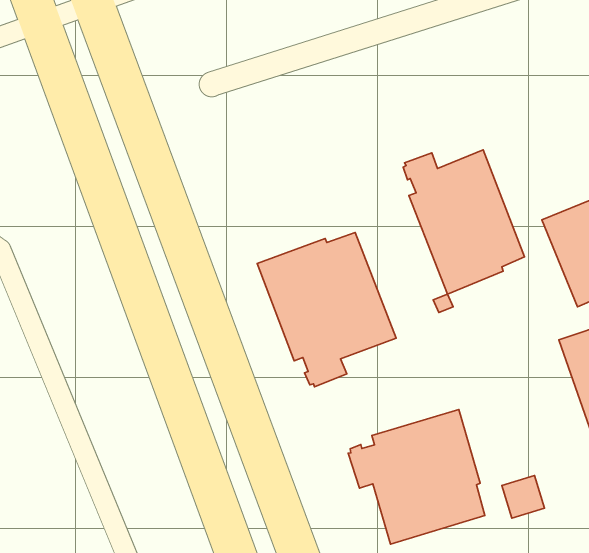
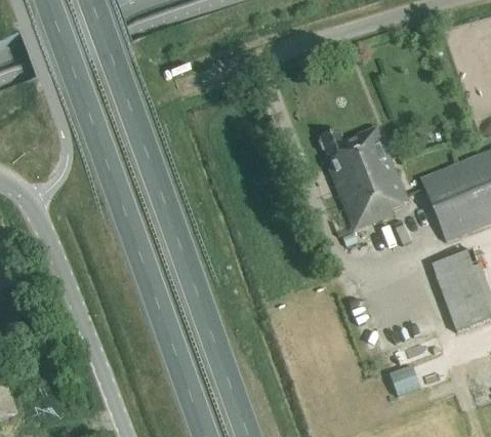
building: [257,233,396,387] -> none
building: [348,410,485,544] -> none

